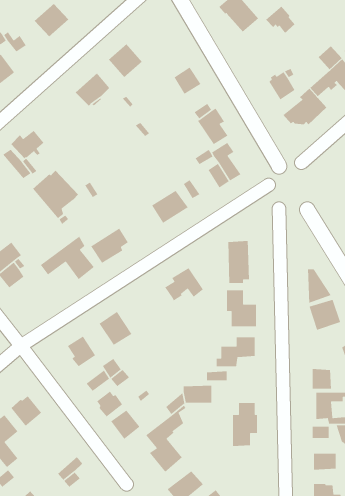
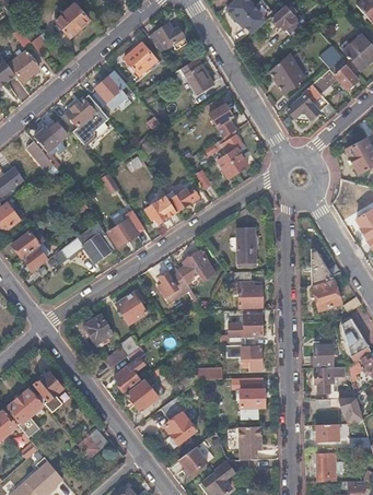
building: none -> [148,24,183,51]
building: [32,170,79,219] -> [67,96,110,142]
building: none -> [145,196,176,223]
building: none -> [159,268,185,302]
building: none -> [242,346,261,370]
building: none -> [238,424,261,458]

